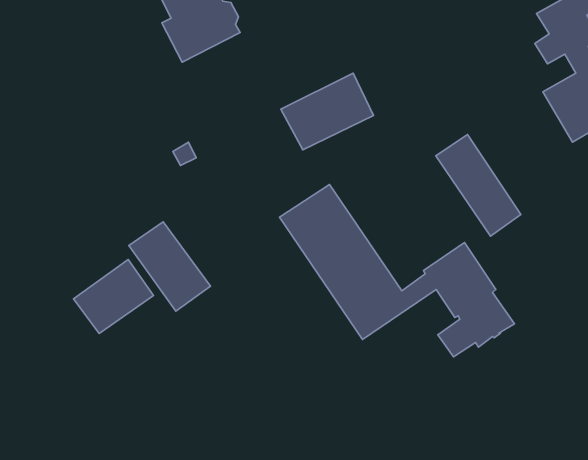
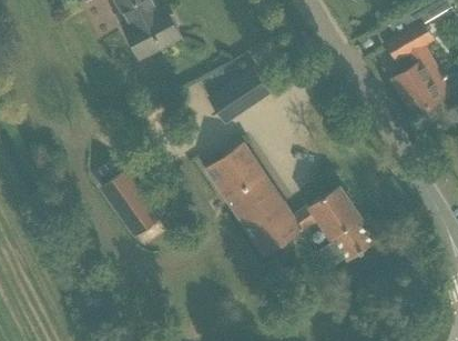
building: [436,135,521,236] -> none
building: [73,260,154,333] -> none

